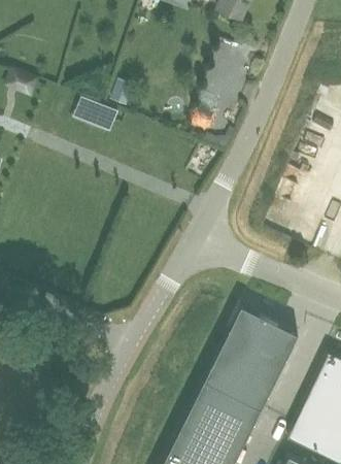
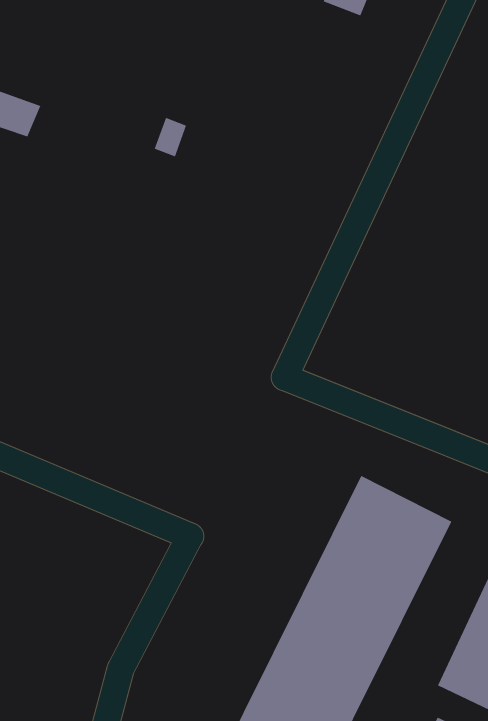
building: [73,94,118,131] -> none

